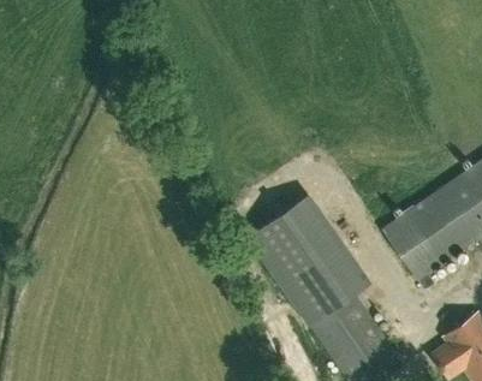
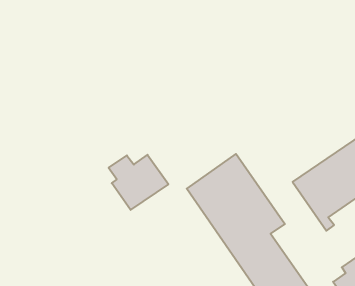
building: none -> [109,155,168,210]

